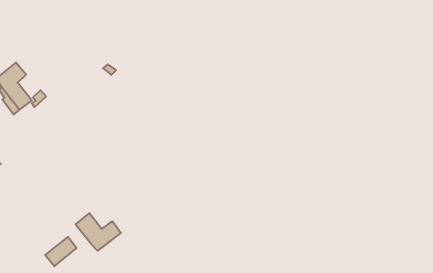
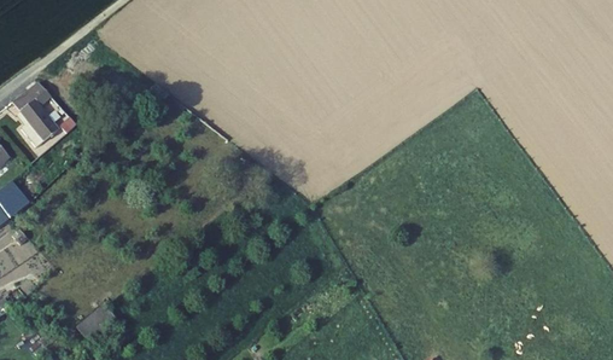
building: [76,213,121,251] -> none

